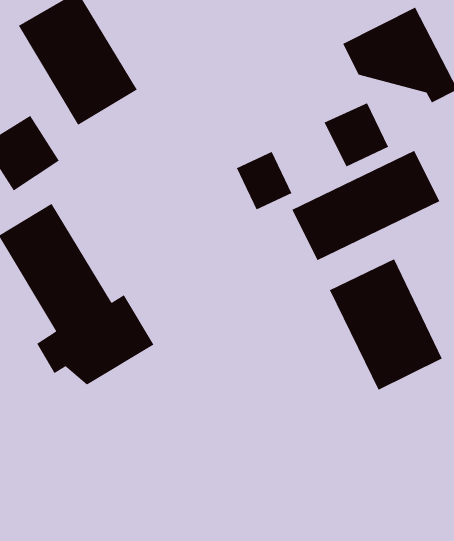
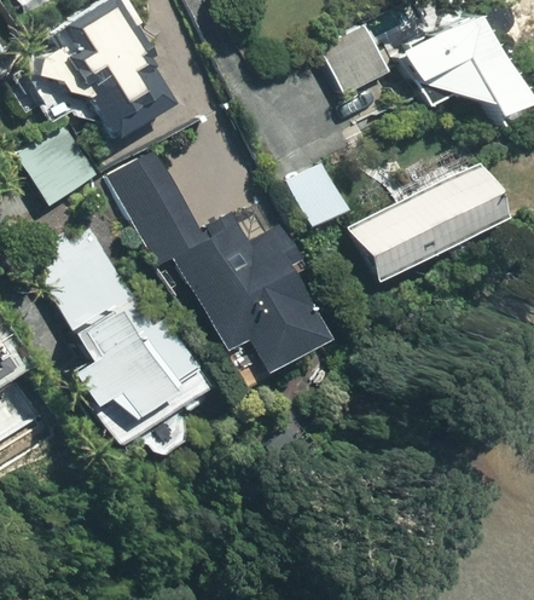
building: [324,102,389,167] -> [321,25,391,96]
building: none -> [106,150,327,371]
building: [329,258,443,391] -> none

